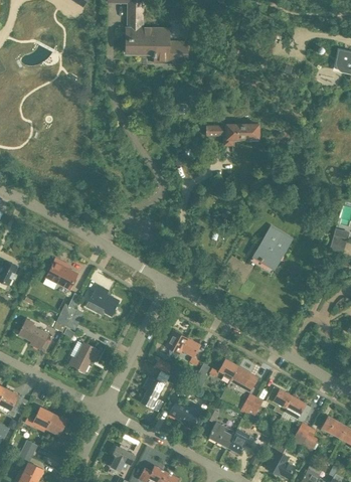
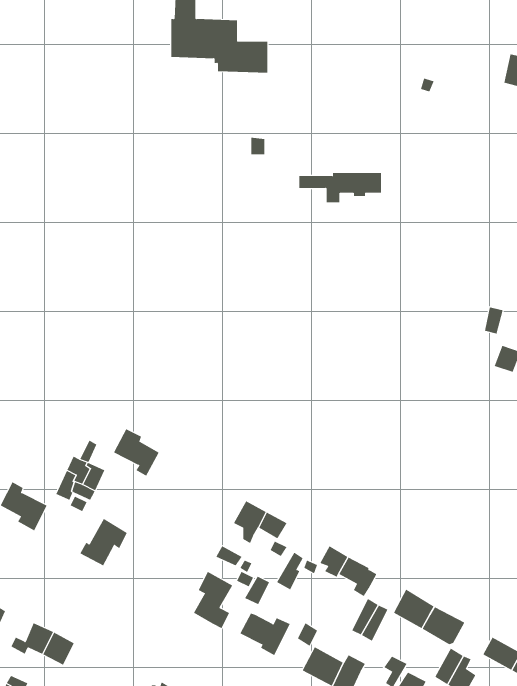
building: [252,226,292,266] -> none
building: [46,259,76,289] -> none

